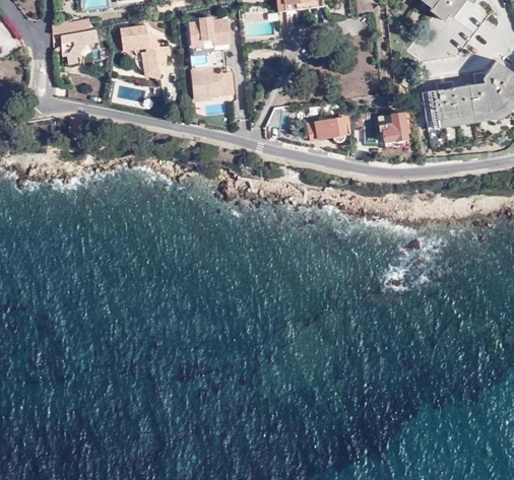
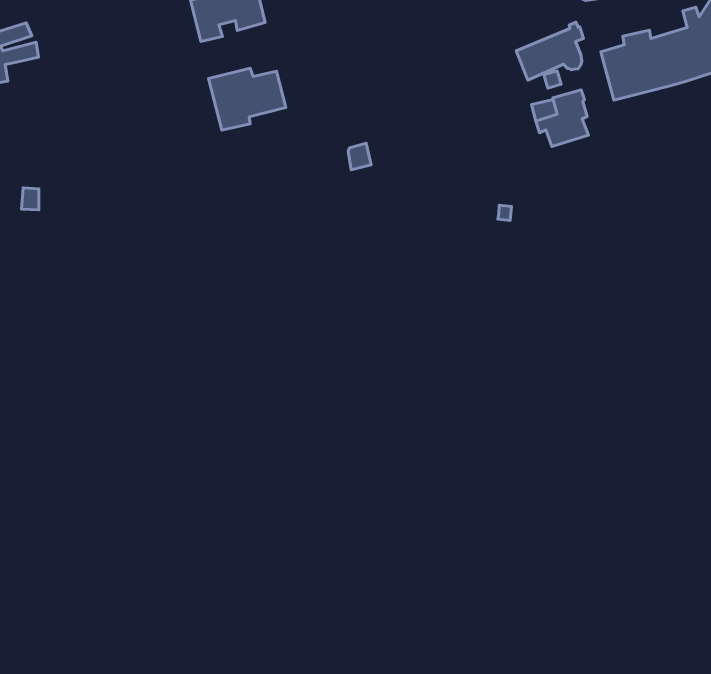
building: [121,26,173,83] -> none
building: [309,114,349,143] -> [516,22,584,80]

